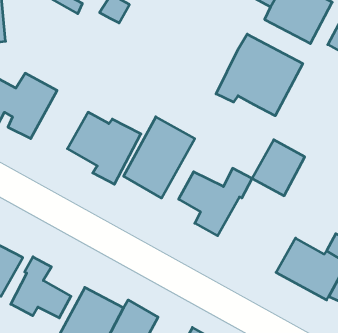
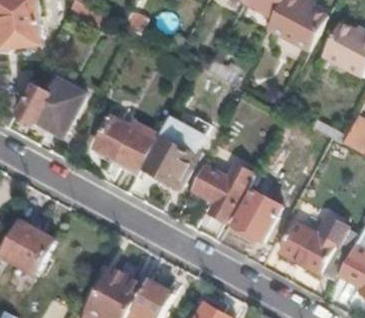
building: [216,34,303,116] -> none
building: [252,140,305,196] -> [232,190,279,240]
building: [11,257,71,318] -> none

